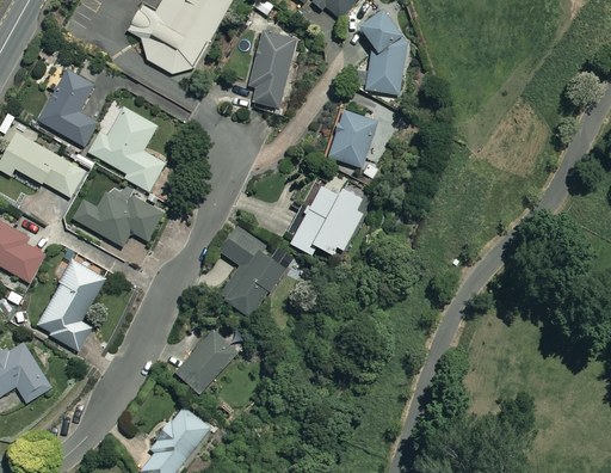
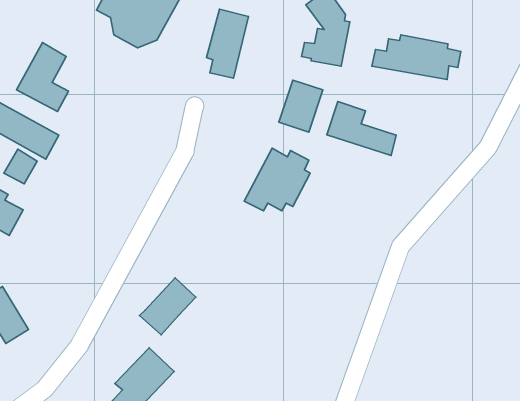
building: none -> [372,35,461,79]
building: [88,106,165,191] -> none
building: none -> [327,102,396,156]
building: [73,194,163,245] -> none
building: [220,227,283,315] -> none
building: [36,260,104,350] -> none

